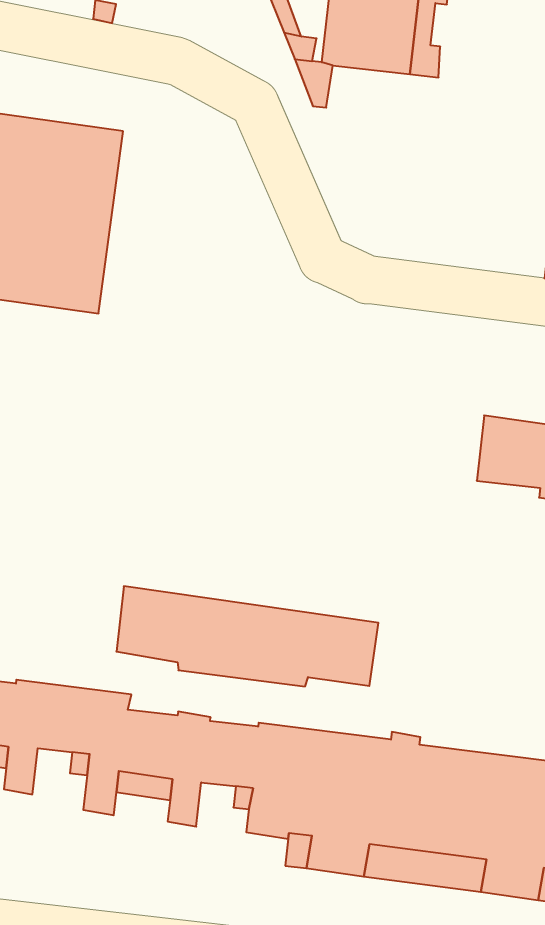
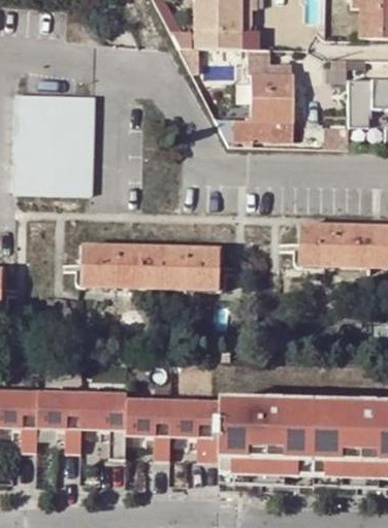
building: none -> [216,56,291,139]
building: [116,586,378,686] -> [83,244,220,287]

